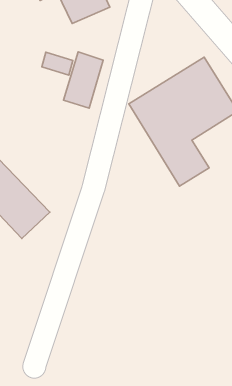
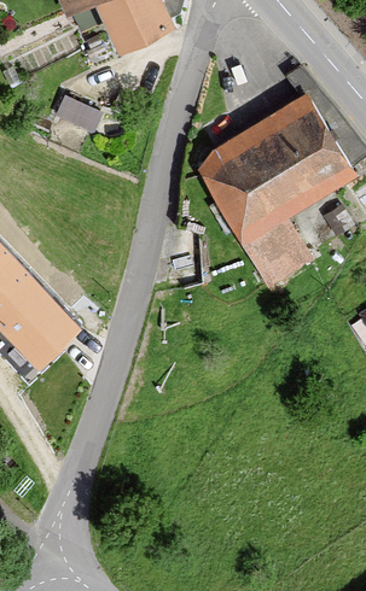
building: [64,52,103,108] -> none

